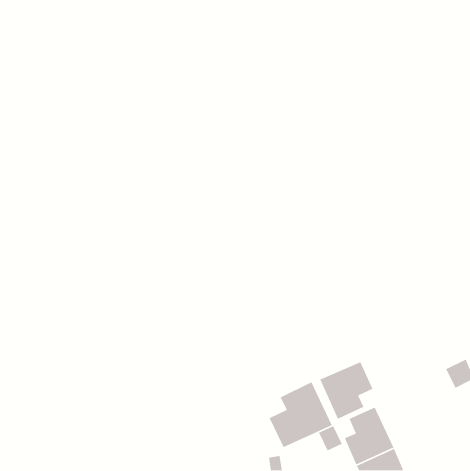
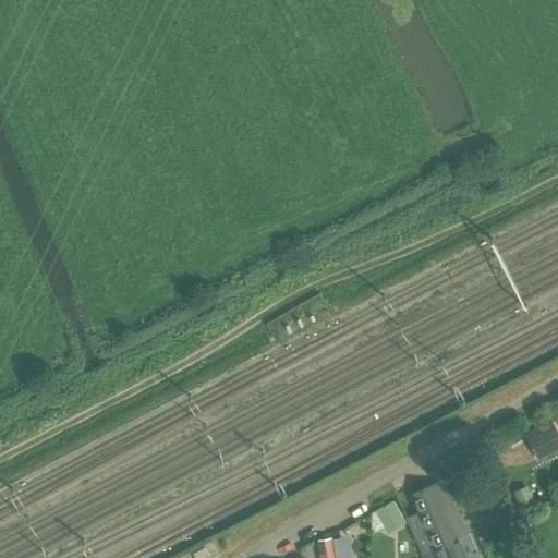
building: [319,361,374,420] -> none
building: [268,381,333,448] -> none

